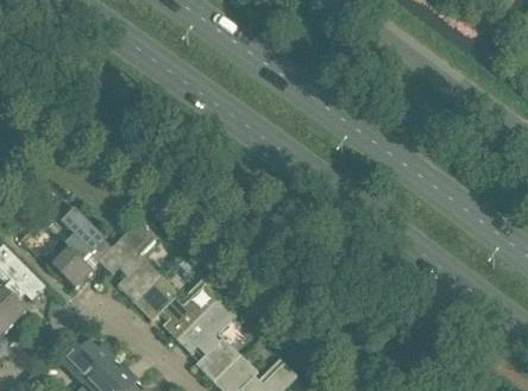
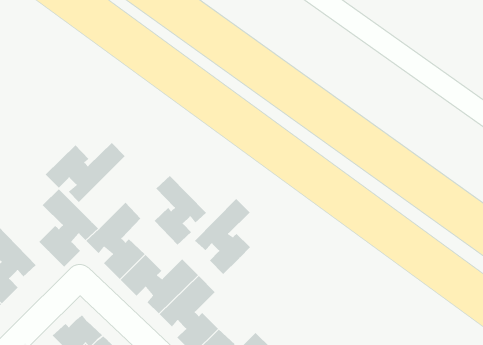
building: none -> [45,142,126,203]
building: none -> [154,175,207,246]
building: none -> [194,198,251,275]

